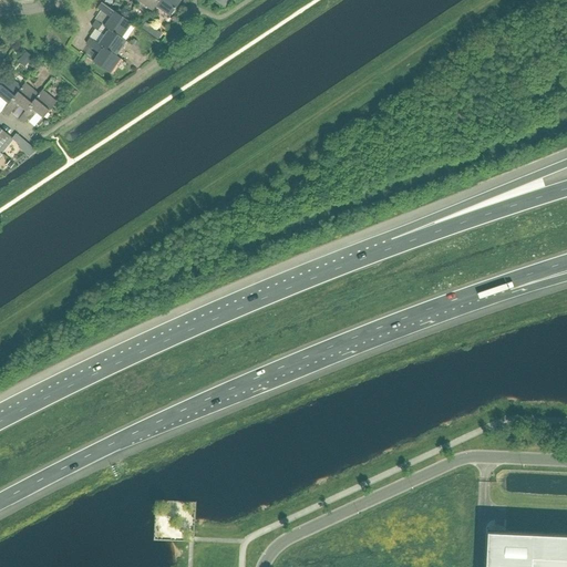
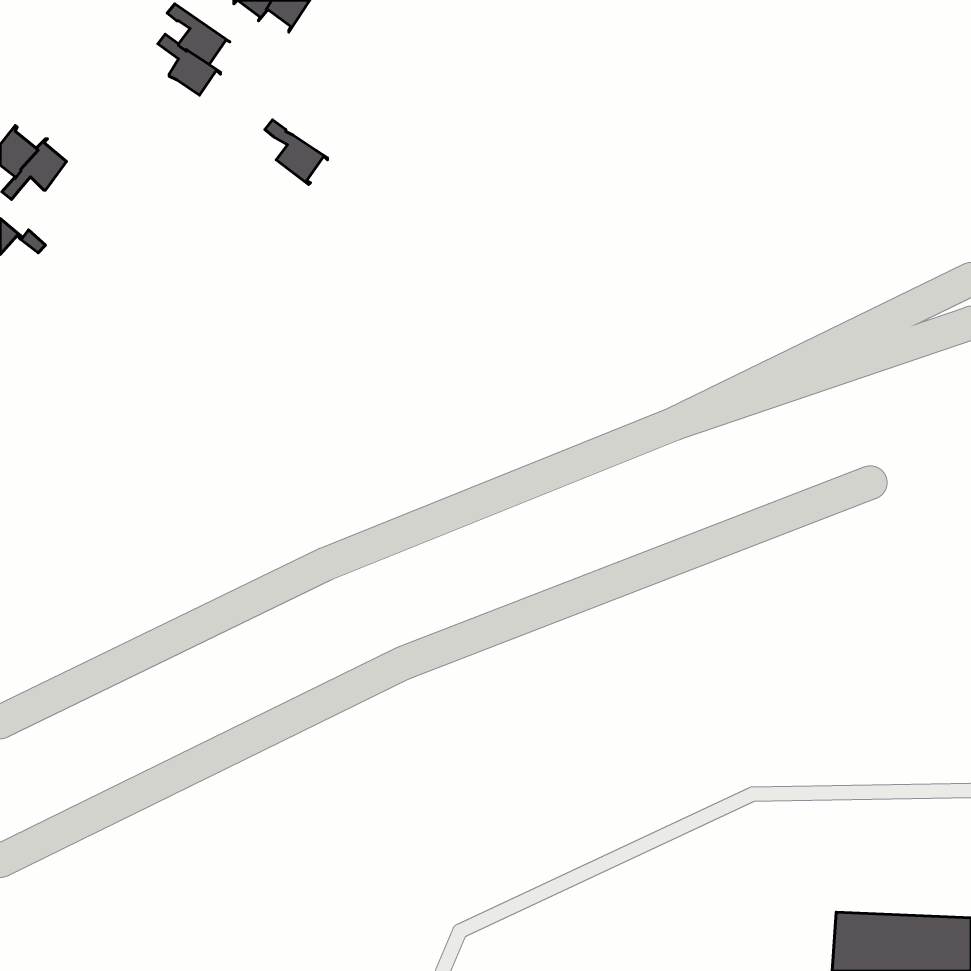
building: [86,38,123,75] -> [265,120,327,185]
building: [19,87,59,125] -> none

